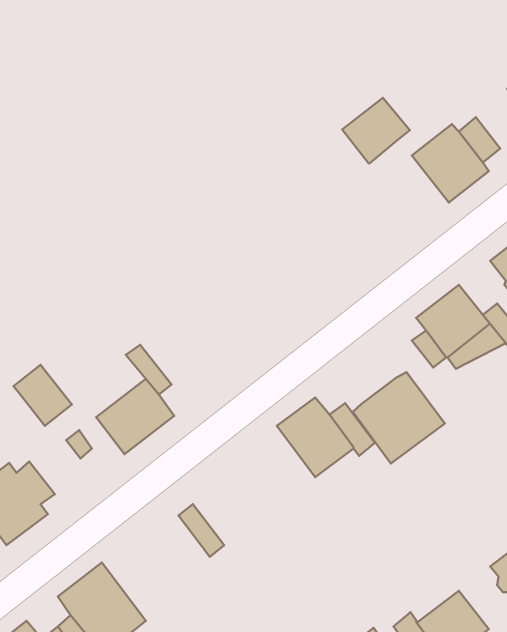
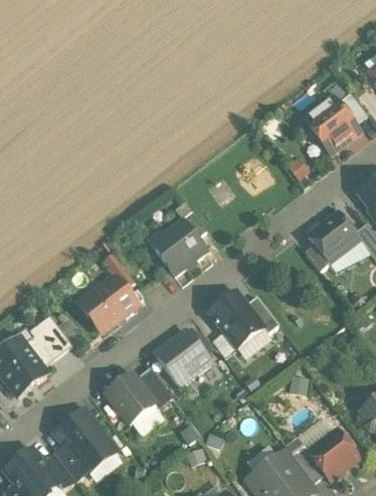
building: [342,98,410,163] -> none
building: none -> [148,219,205,274]
building: [13,365,72,426] -> [29,316,70,359]
building: [353,372,445,463] -> none
building: none -> [155,329,210,385]
building: none -> [105,371,155,423]

